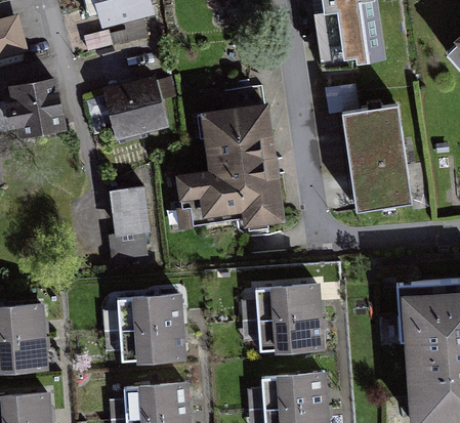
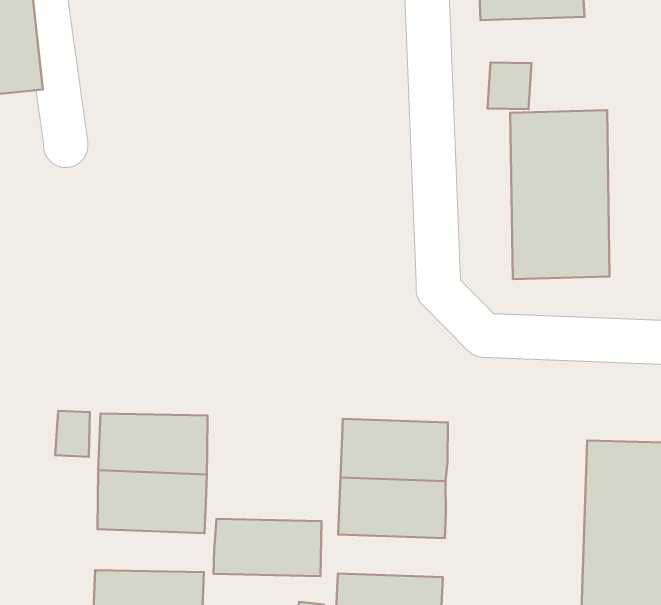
building: [97,67,166,133] -> none
building: [170,97,283,218] -> none
building: [106,180,145,252] -> none
building: none -> [214,519,322,576]

